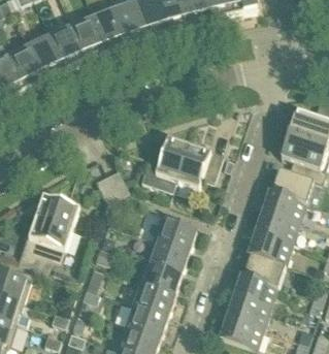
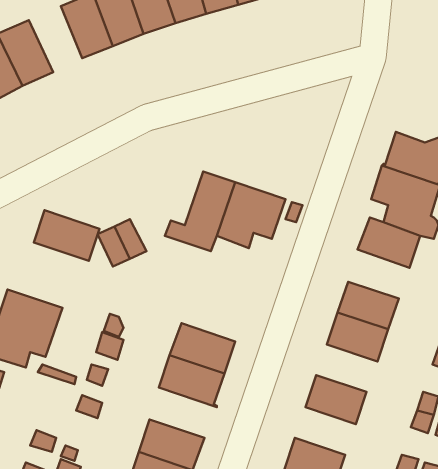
building: [50,26,86,70] -> none
building: [265,190,306,223] -> none
building: [35,195,79,229] -> [34,210,99,261]
building: [153,211,197,252] -> none
building: [243,254,285,286] -> none
building: [131,283,176,317] -> none
building: [229,296,270,328] -> none

